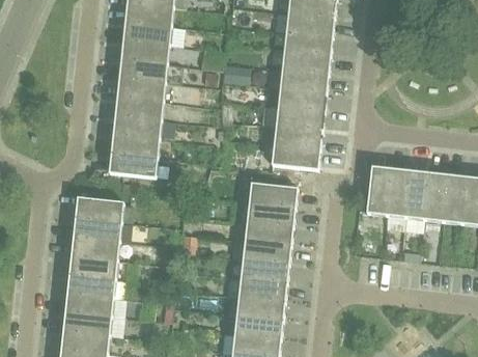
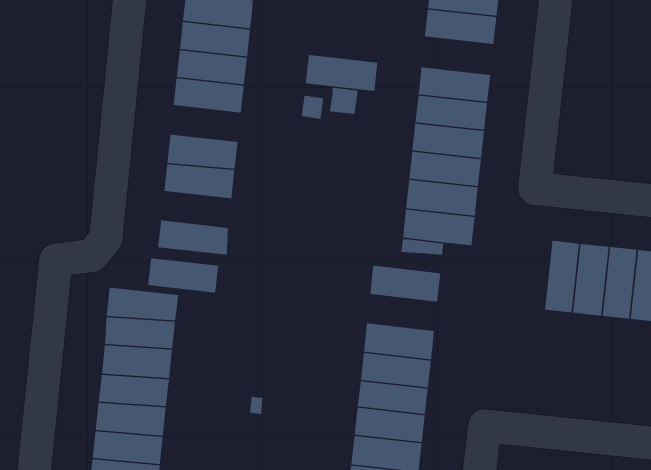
building: [284,31,333,56] -> [305,54,378,92]
building: [117,77,165,101] -> none
building: [111,134,159,158] -> [147,257,219,293]
building: [248,202,296,226] -> none

